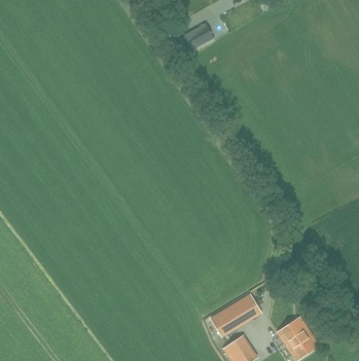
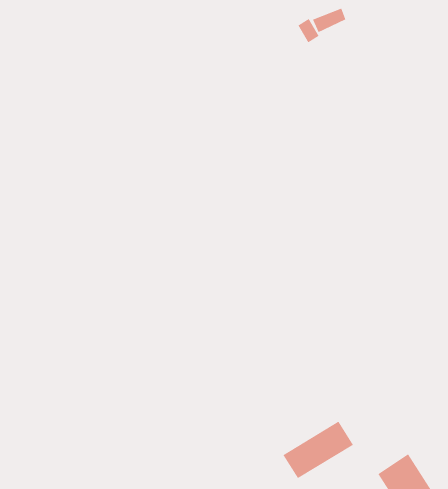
building: [184,23,213,48] -> none

